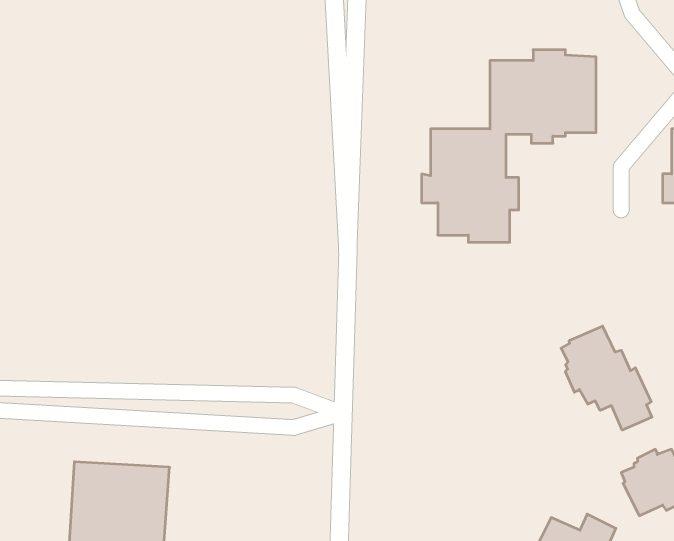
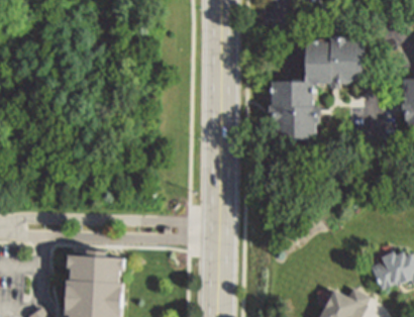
building: [561,326,652,430] -> none

